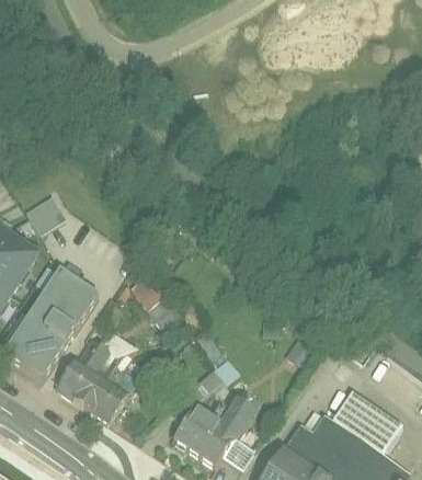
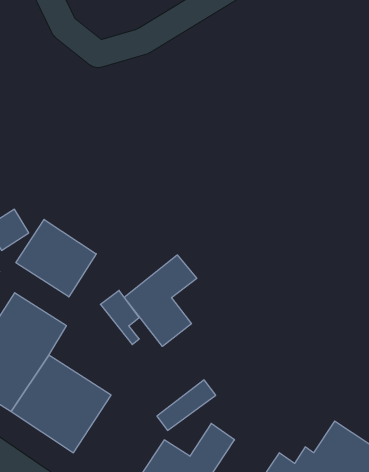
building: none -> [16,219,96,297]
building: none -> [124,255,197,346]

